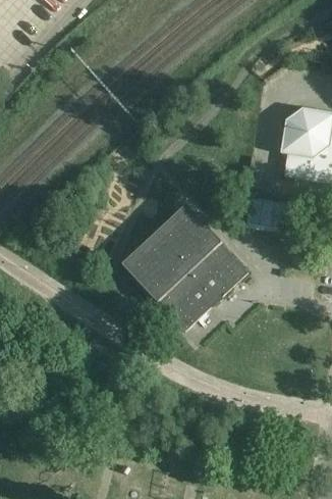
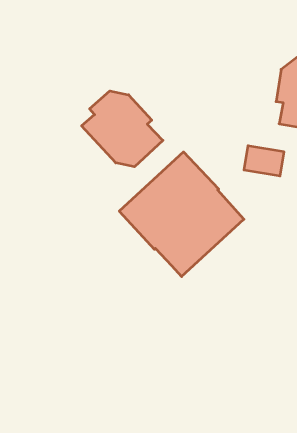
building: none -> [82,91,163,167]

